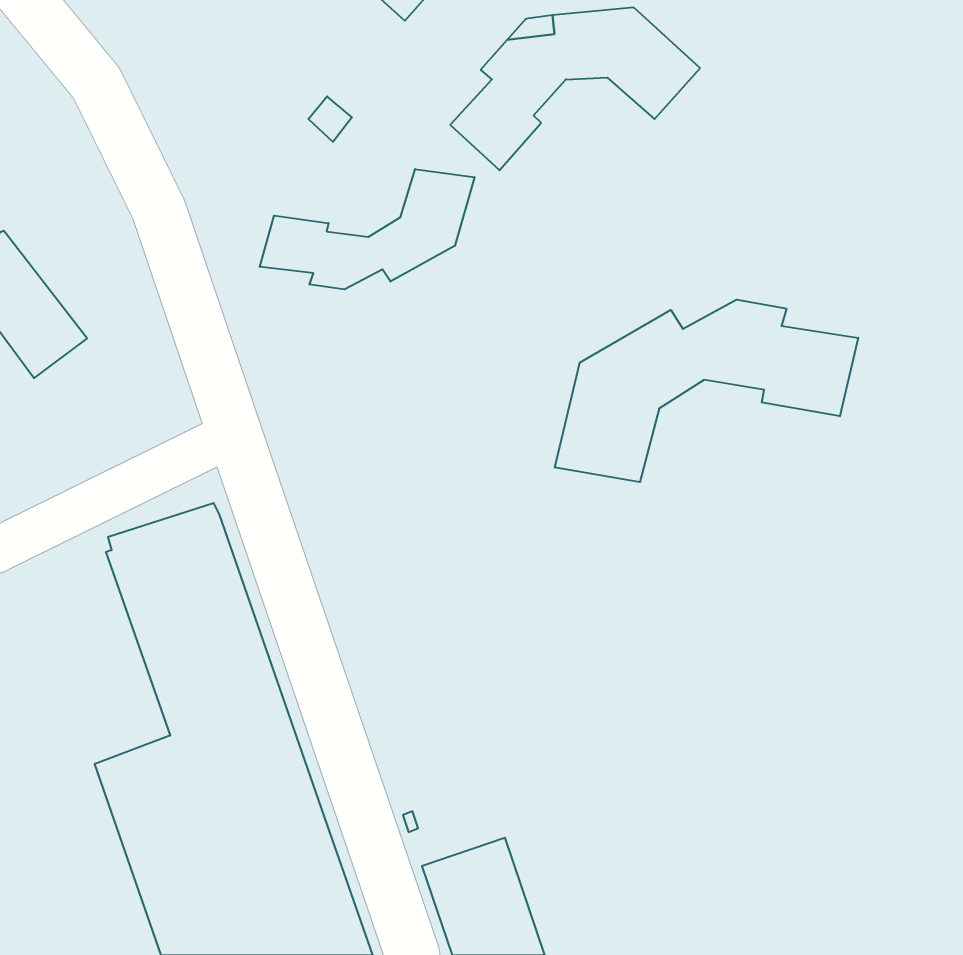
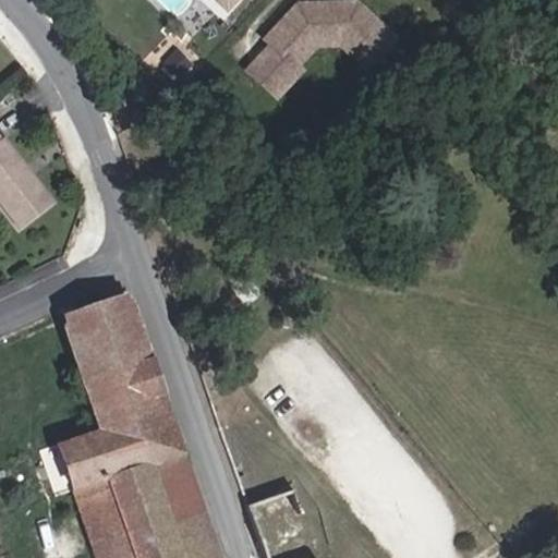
building: [260,169,474,289] -> none
building: [555,300,858,482] -> none

